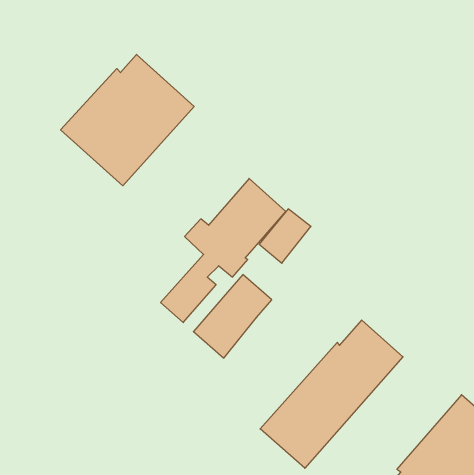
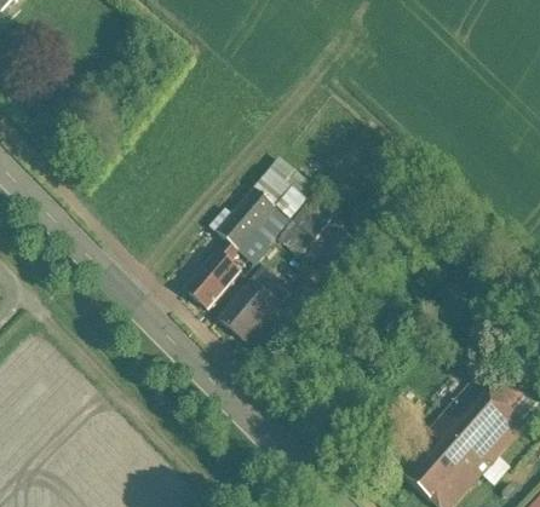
building: [61,54,194,186] -> none
building: [260,320,403,468] -> none

